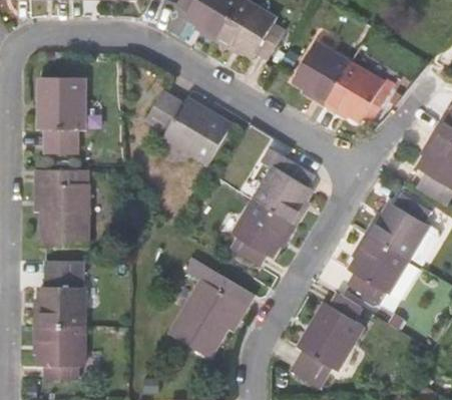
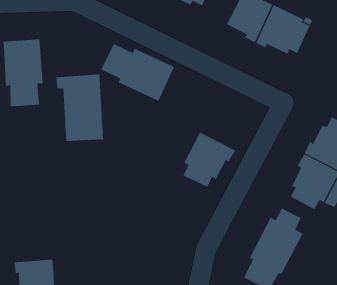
building: [255,145,313,223] -> none
building: [33,173,84,249] -> [56,74,104,141]
building: [170,258,253,354] -> none
building: [32,265,79,332] -> none

